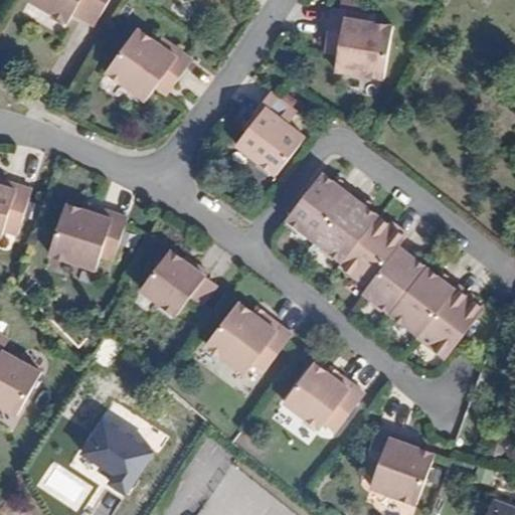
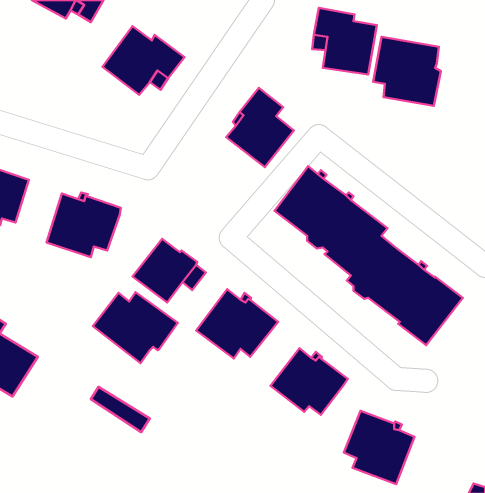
building: none -> [373,37,441,106]
building: none -> [93,292,178,363]
building: [71,421,146,498] -> none

